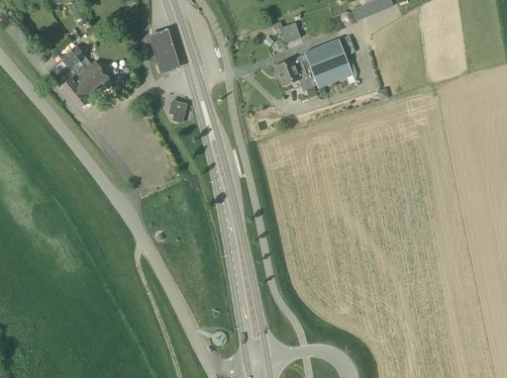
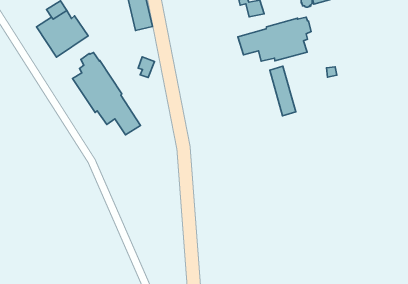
building: none -> [270,66,296,116]
building: none -> [73,53,141,135]

